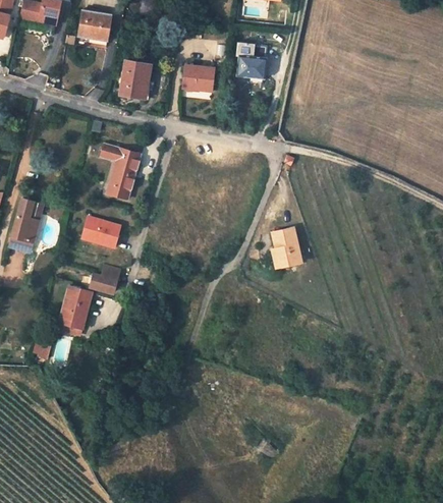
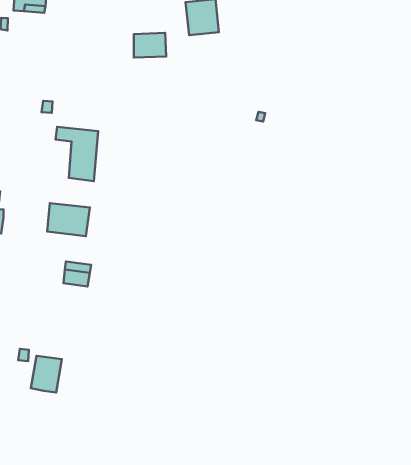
building: [118,65,148,101] -> none
building: [275,234,308,274] -> none
building: [59,290,91,326] -> [31,356,62,392]

